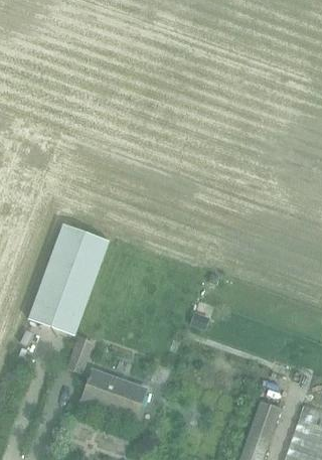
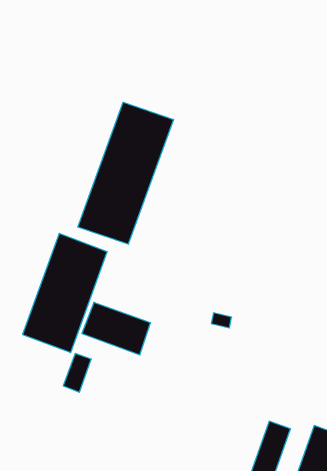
building: none -> [78,102,173,244]
building: [81,371,145,421] -> [82,302,151,355]

